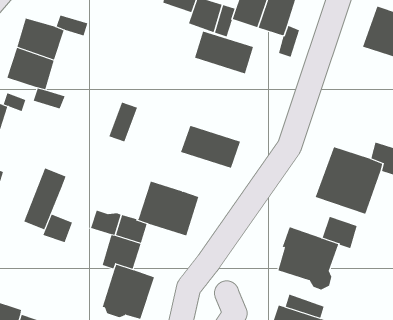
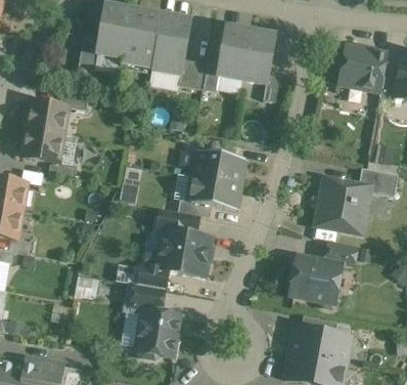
building: [194,31,254,74] -> [192,149,244,183]
building: none -> [157,209,197,236]
building: [24,167,66,230] -> none

